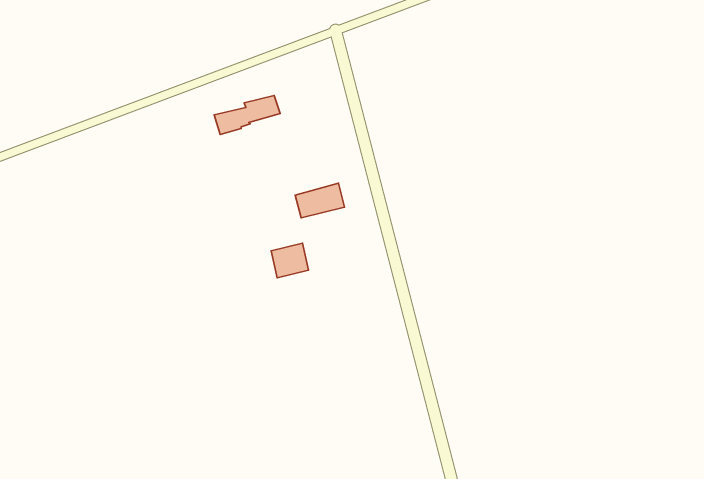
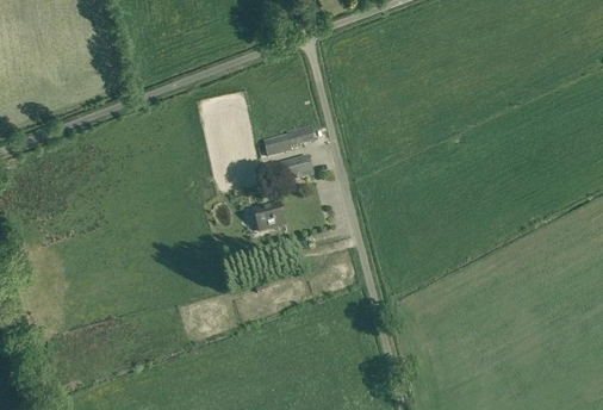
building: [214,95,280,134] -> [262,125,315,156]

